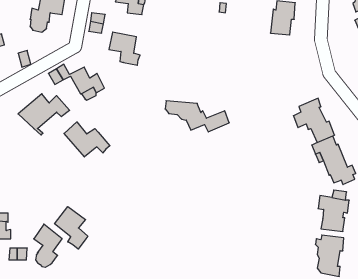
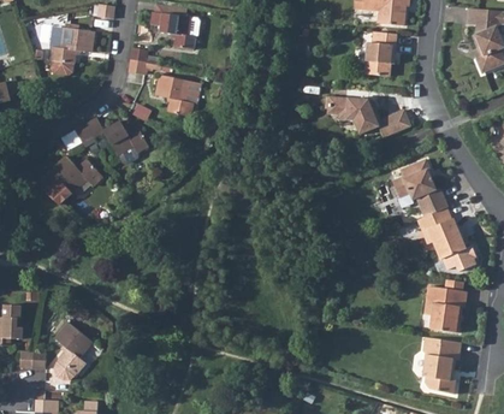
building: [165,101,229,132] -> [326,99,410,140]
building: [64,122,110,157] -> none
building: [55,207,88,249] -> none

